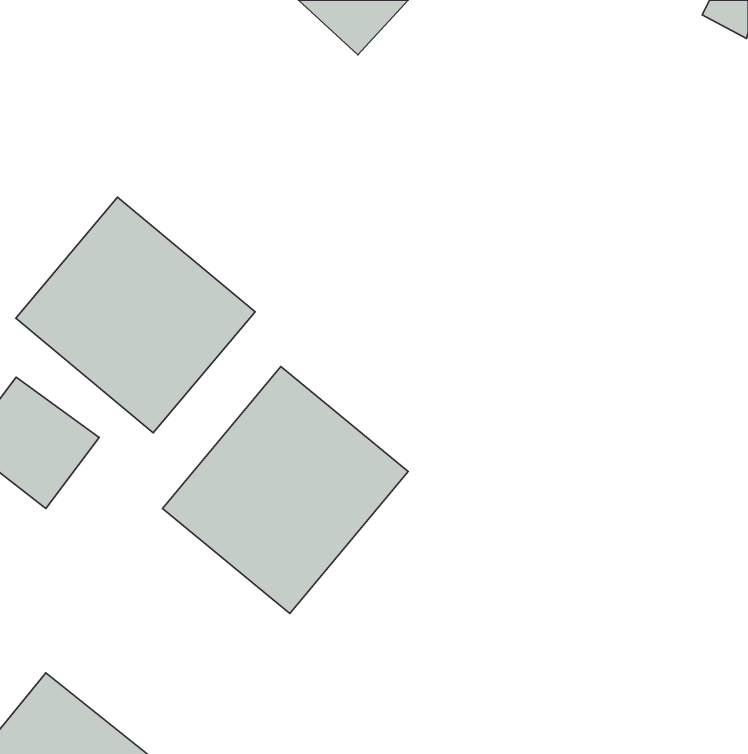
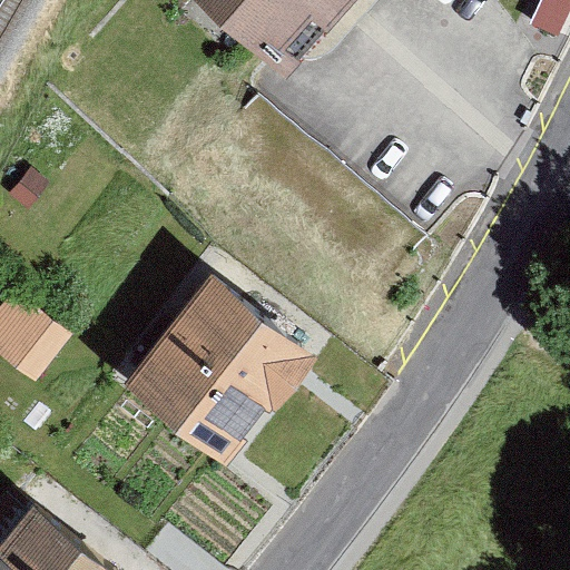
building: [16,197,255,433] -> none

